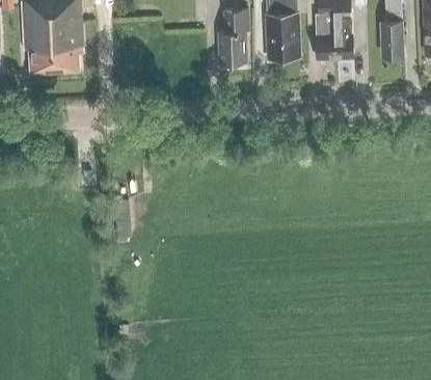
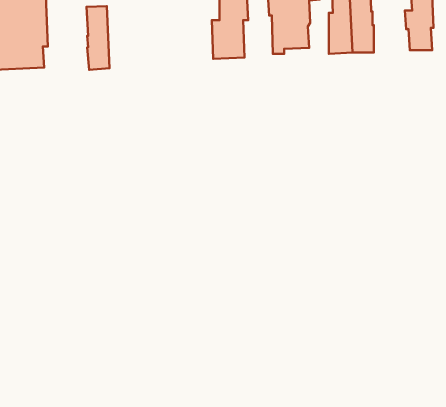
building: none -> [87,6,110,70]

